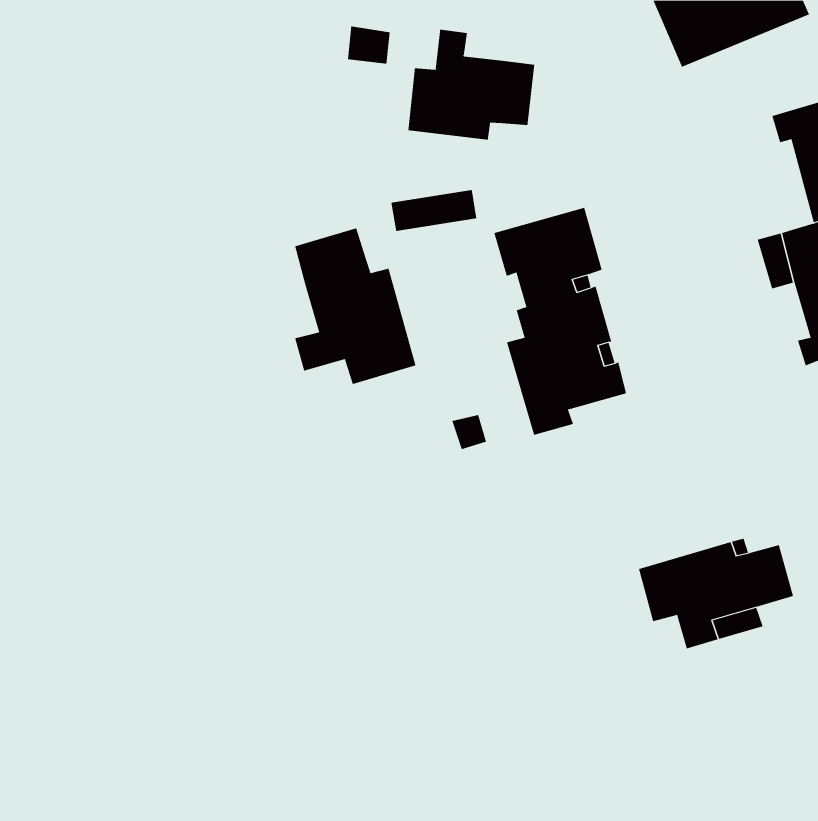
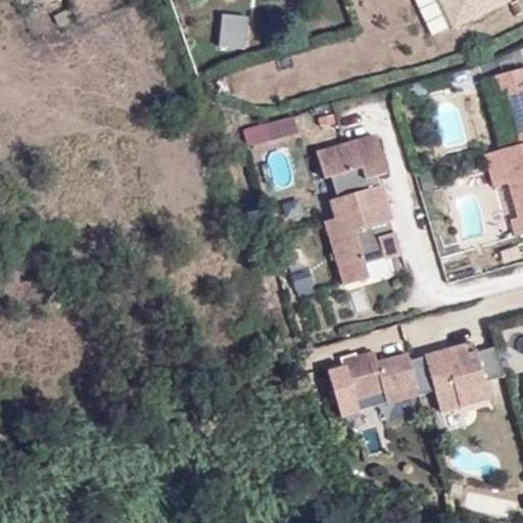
building: [408,29,535,141] -> none
building: [294,228,416,385] -> none
building: none -> [325,352,417,418]

